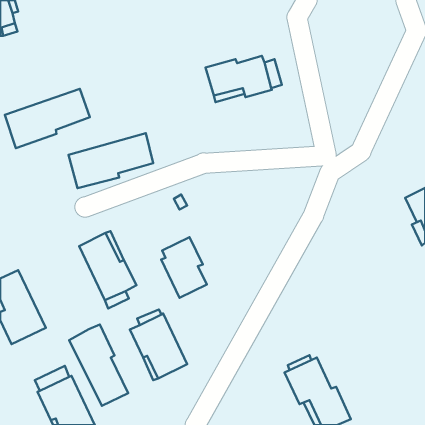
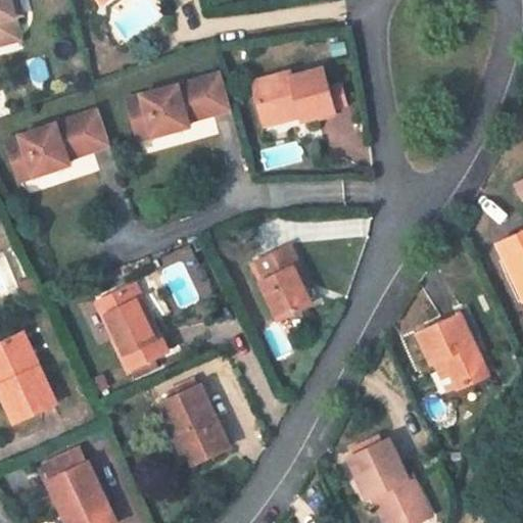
building: [68,133,153,188] -> [127,73,231,140]
building: [161,237,207,298] -> [255,245,312,320]
building: none -> [417,314,489,389]
building: [69,325,128,406] -> none

